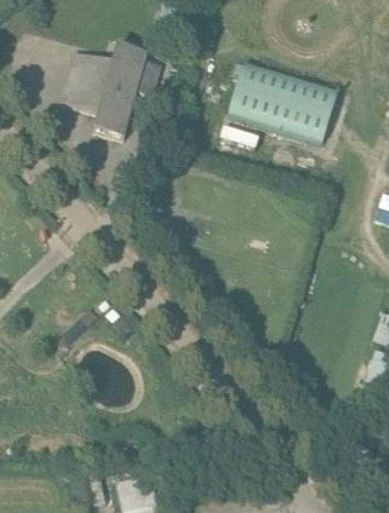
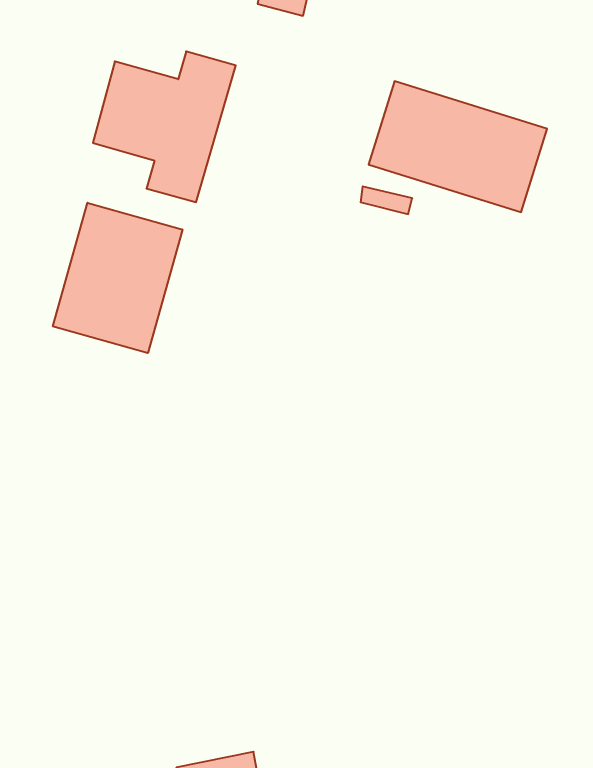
building: none -> [53,203,182,353]

